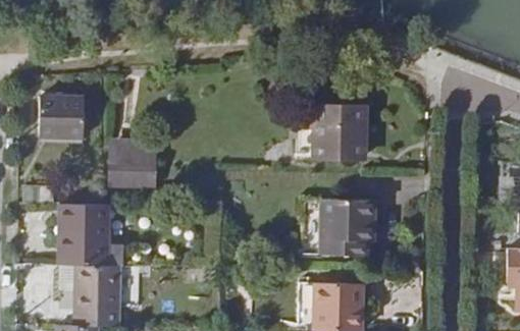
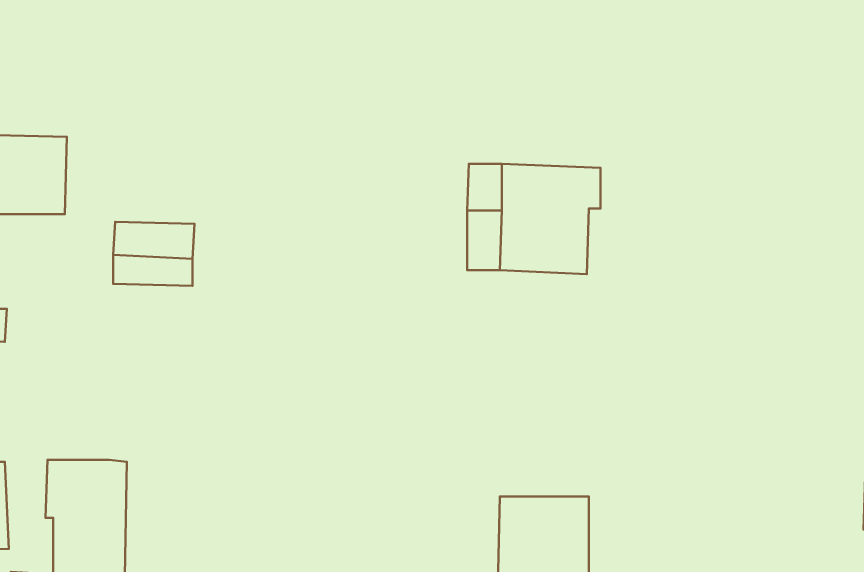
building: [58,203,109,265] -> none
building: [321,206,374,263] -> none

